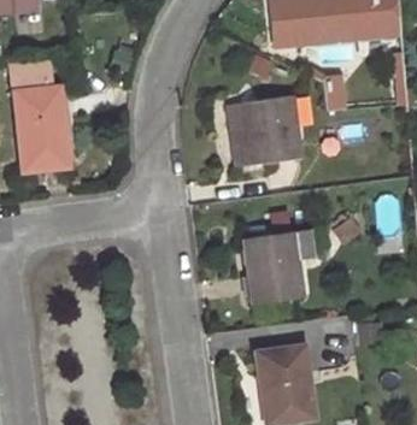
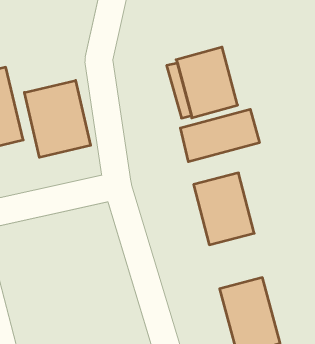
building: none -> [24,80,91,157]
building: none -> [180,109,259,162]

